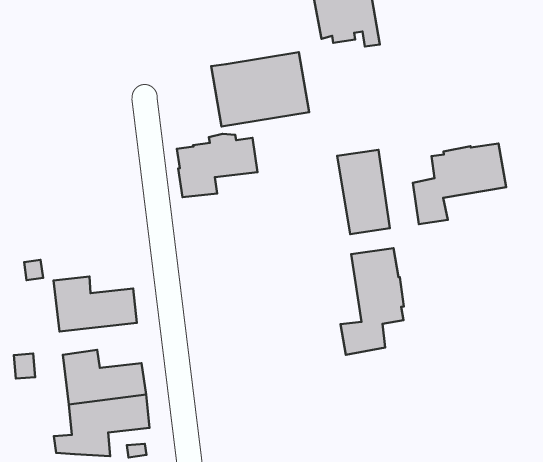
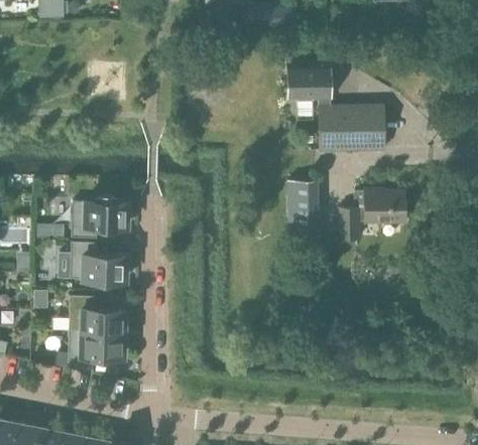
building: [211,52,309,127] -> [318,106,383,151]
building: [177,134,258,197] -> [71,196,127,239]
building: [340,248,404,355] -> none

